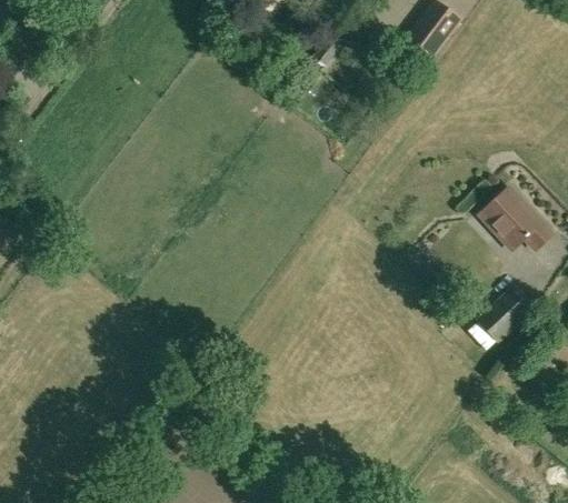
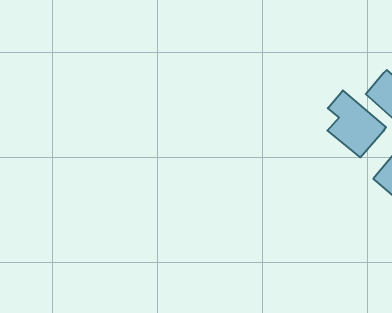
building: none -> [327,90,386,157]

